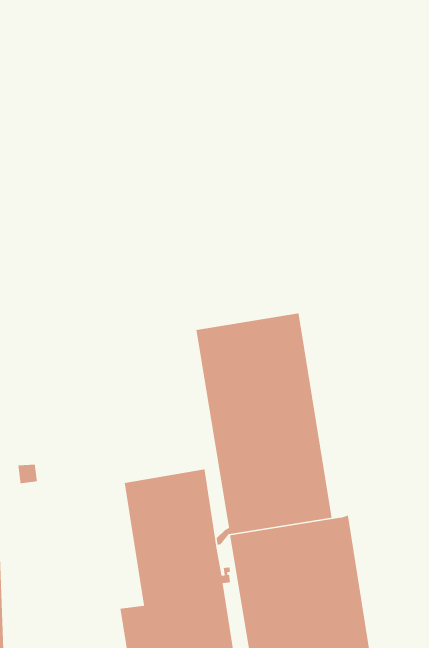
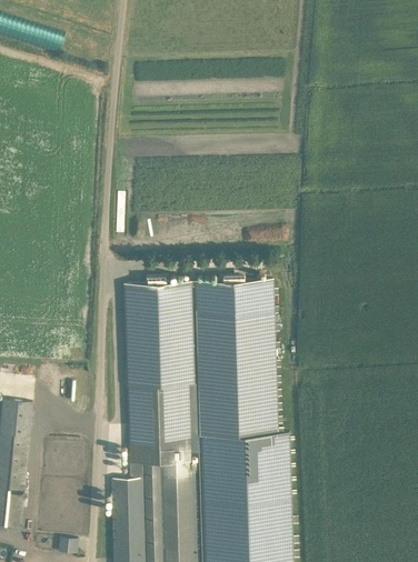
building: none -> [122,275,192,388]

